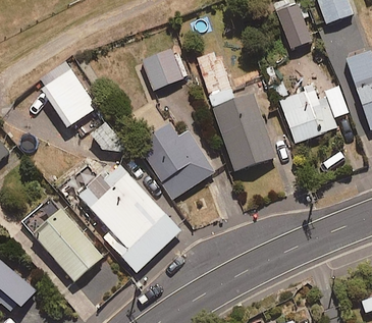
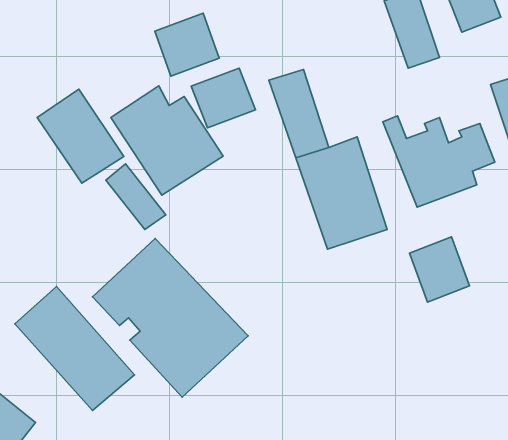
building: none -> [155,13,219,76]
building: [138,123,214,198] -> [111,86,223,195]
building: none -> [409,237,470,302]

